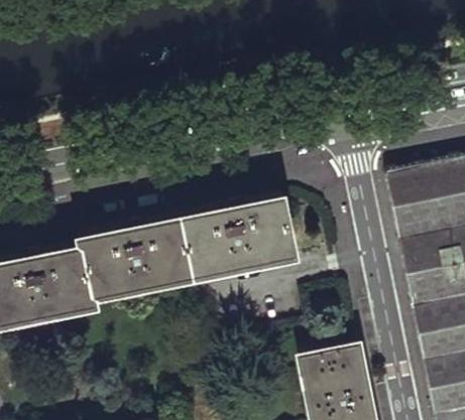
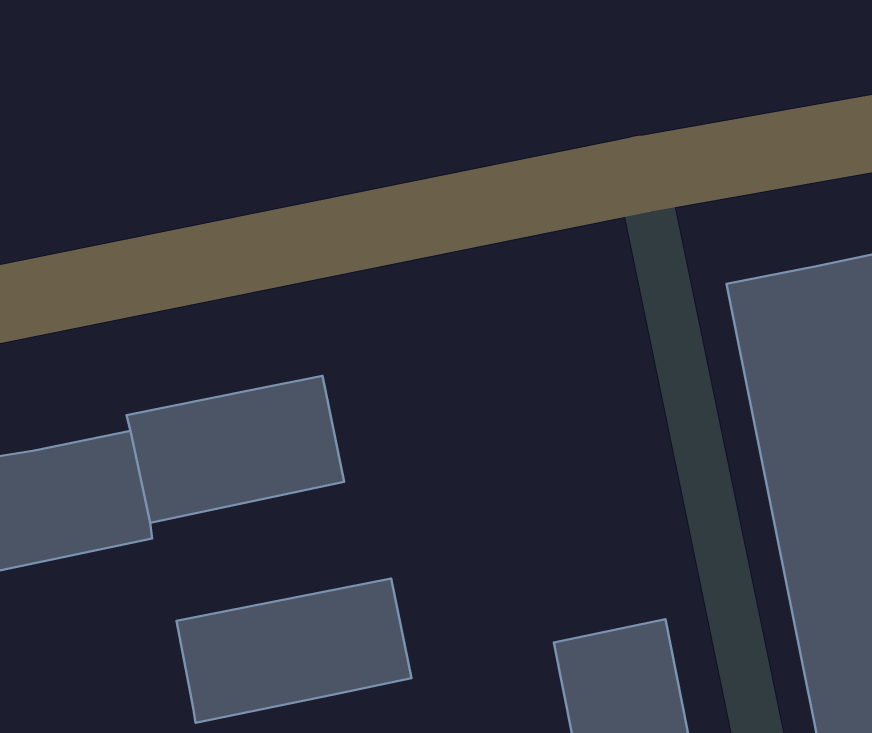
building: [181,198,300,275] -> none
building: none -> [176,579,412,723]

